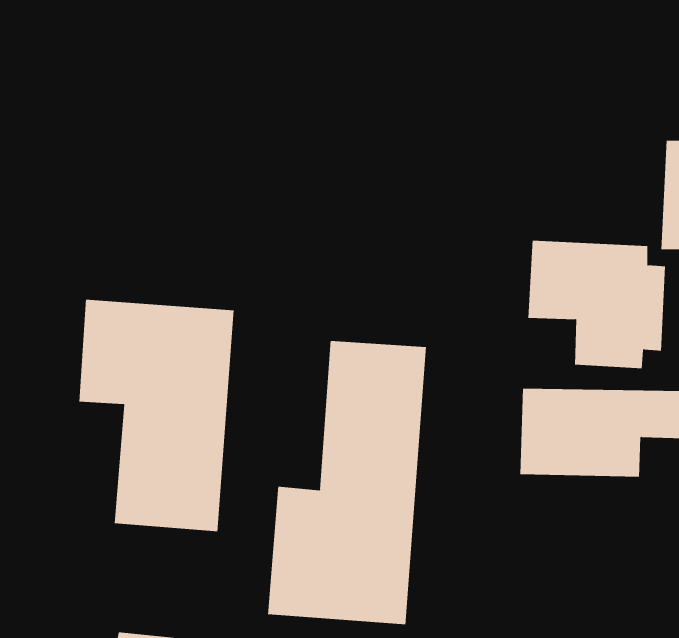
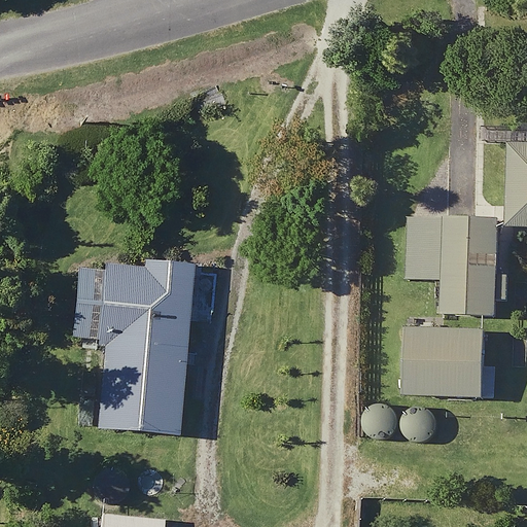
building: [268,340,427,625] -> none

